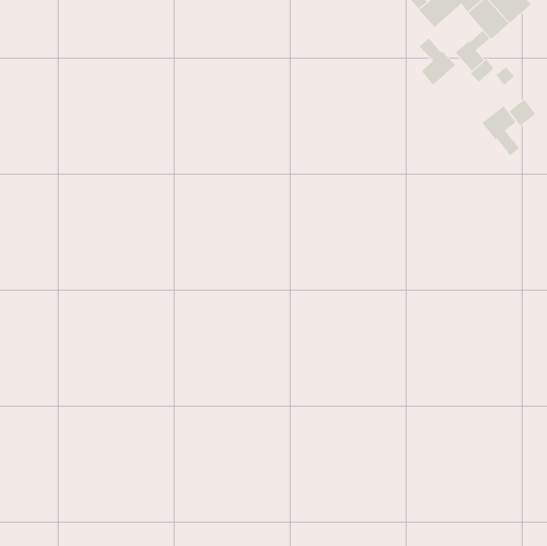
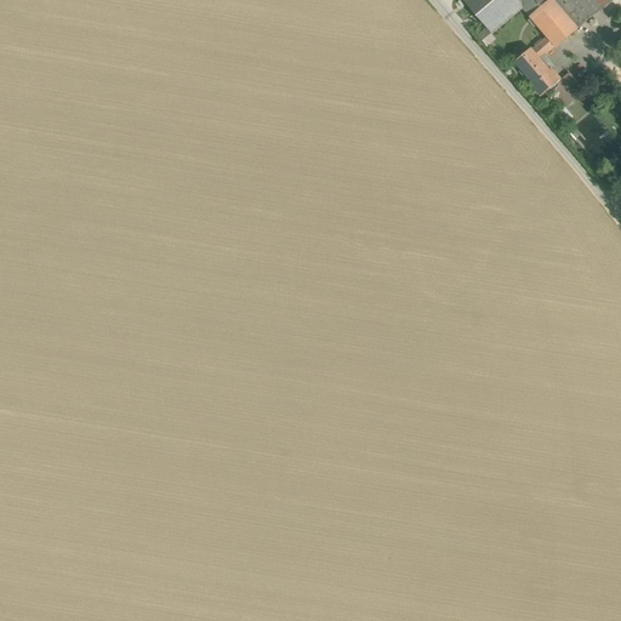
building: [419,38,456,85] -> none
building: [481,105,520,156] -> none

